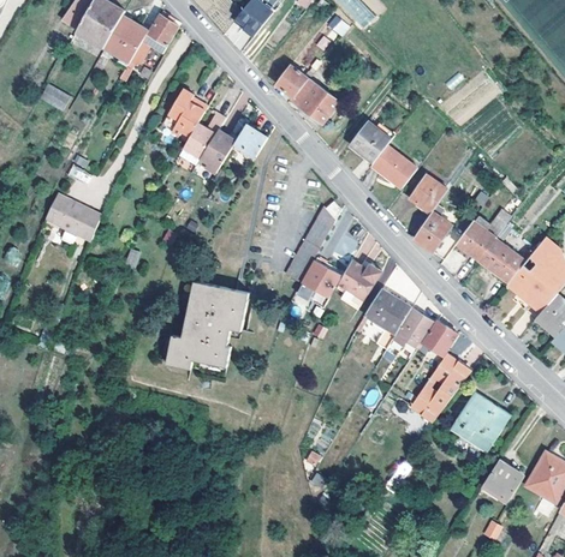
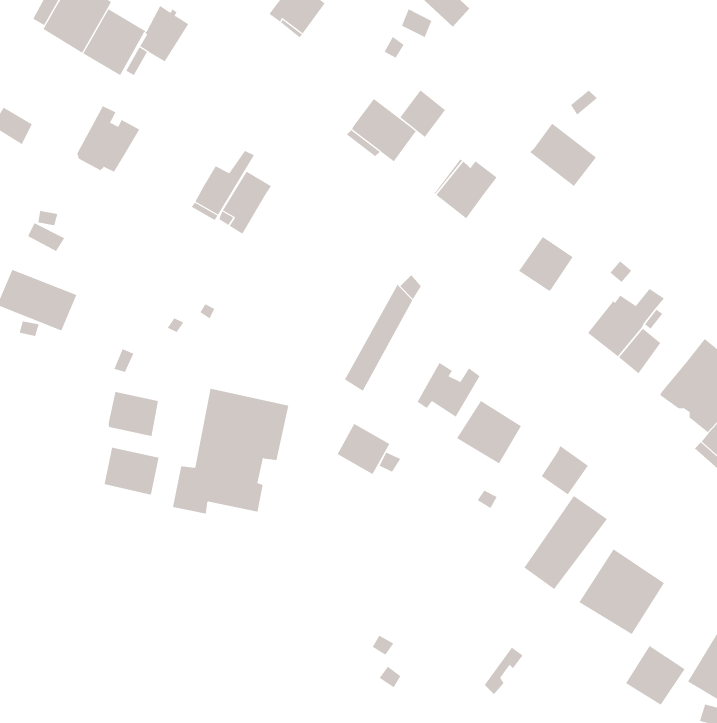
building: [274,64,307,97] -> [399,90,446,138]
building: [162,90,207,137] -> [77,105,140,173]
building: [231,122,267,161] -> none
building: [369,144,416,188] -> [530,123,597,187]
building: [412,210,451,251] -> none
building: [492,248,524,282] -> none
building: [303,260,340,297] -> [337,423,390,475]
building: none -> [108,391,159,437]
building: [392,306,435,349] -> none
building: none -> [104,447,159,496]

